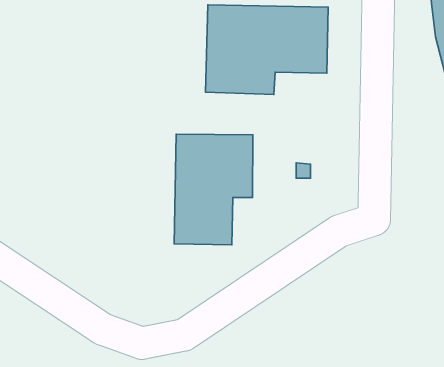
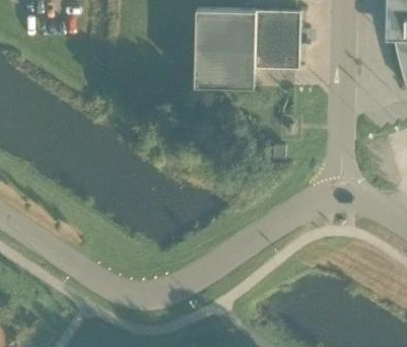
building: [174,134,253,245] -> none

